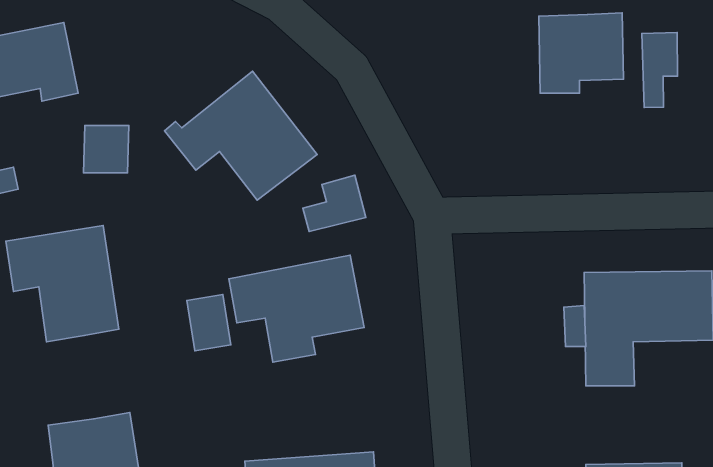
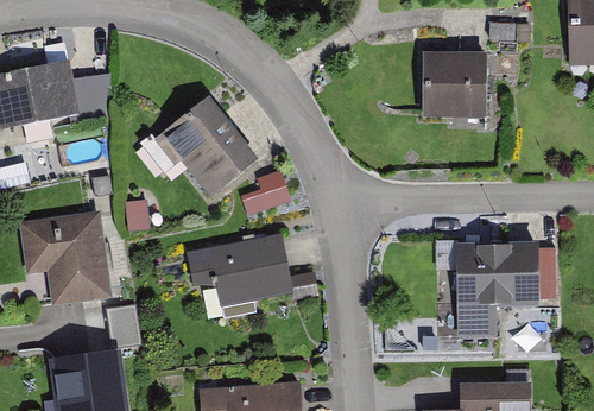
building: [642,33,677,107] -> none
building: [83,126,129,173] -> [80,78,114,114]
building: [187,294,231,351] -> [109,306,143,349]

